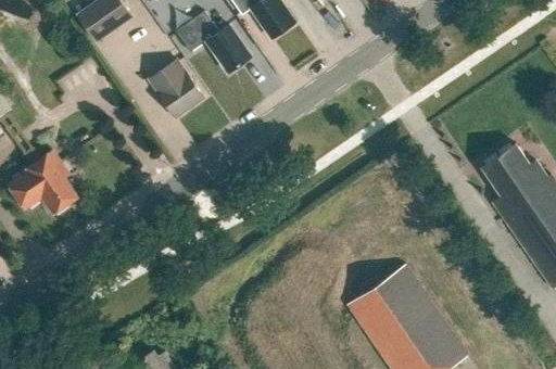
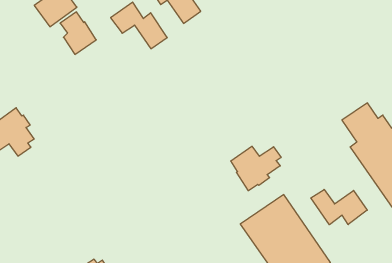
building: [155,59,203,115] -> [60,12,96,54]
building: none -> [231,146,281,191]
building: none -> [311,189,367,225]

